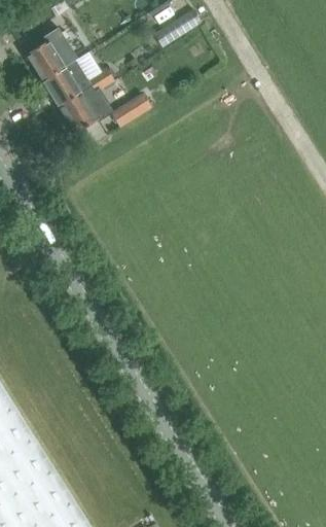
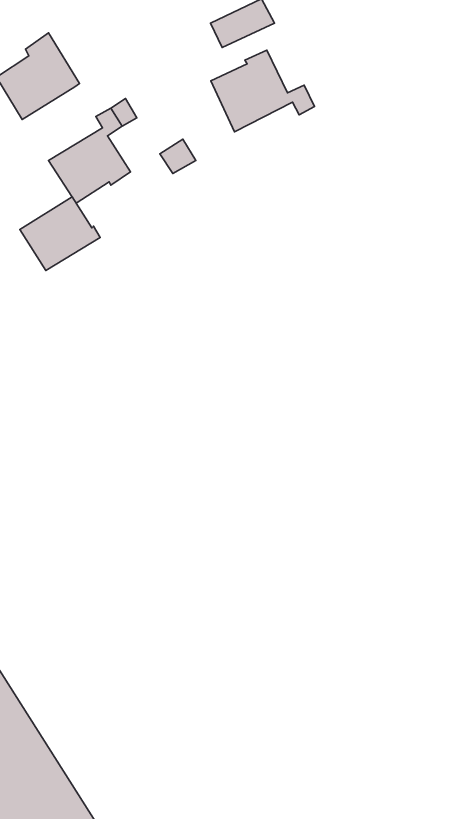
building: none -> [211,50,314,132]
building: [41,62,92,108] -> [20,197,100,270]

